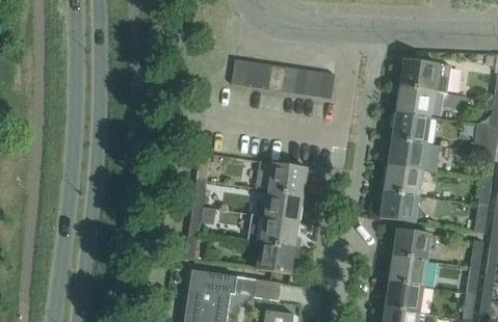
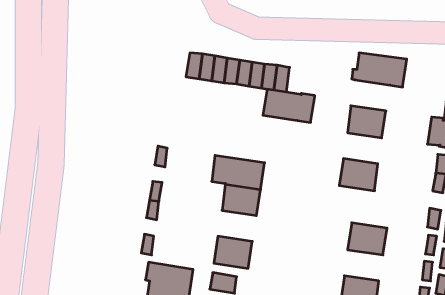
building: [395,85,435,116] -> none
building: [388,138,440,171] -> [263,89,315,122]
building: [379,191,419,223] -> none
building: [250,214,300,247] -> none
building: [389,256,427,287] -> none

